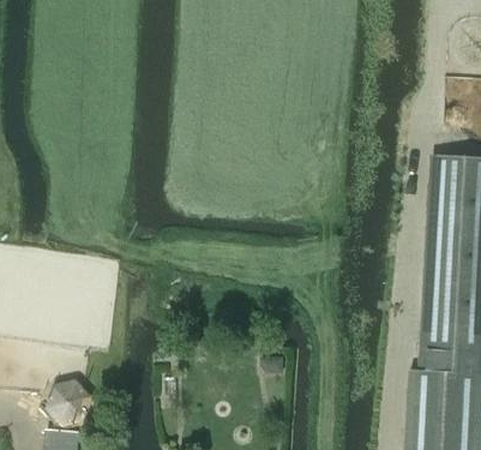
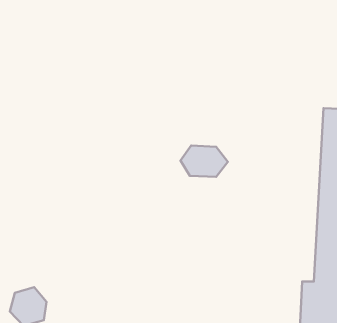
building: none -> [181,146,228,177]

